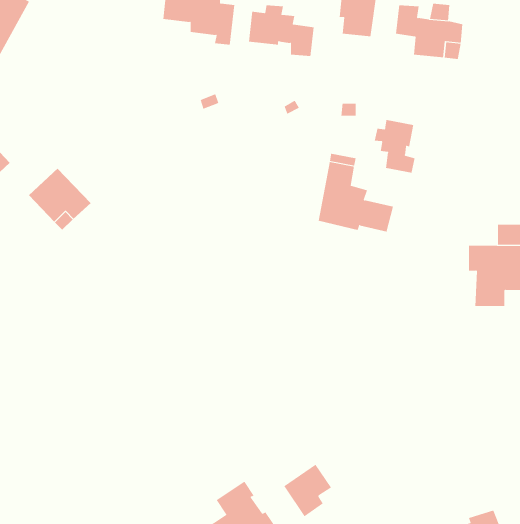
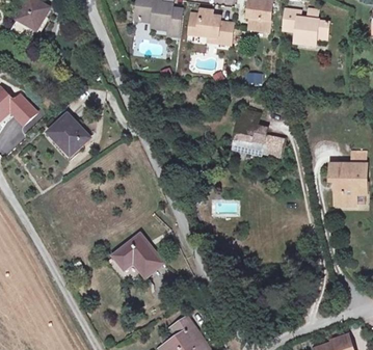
building: [374,119,415,173] -> none
building: none -> [113,235,162,276]
building: [283,464,332,517] -> none

